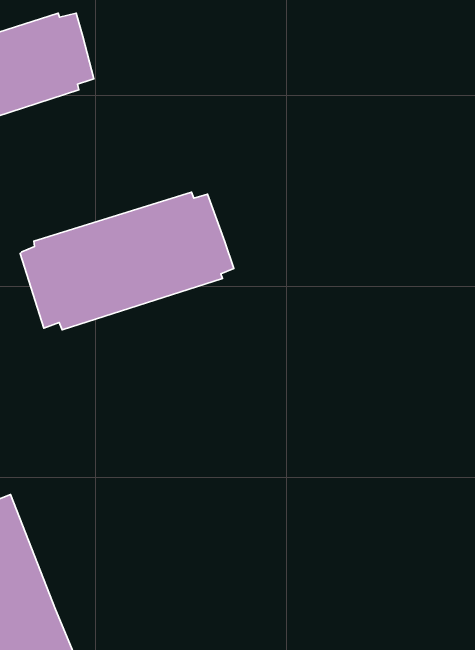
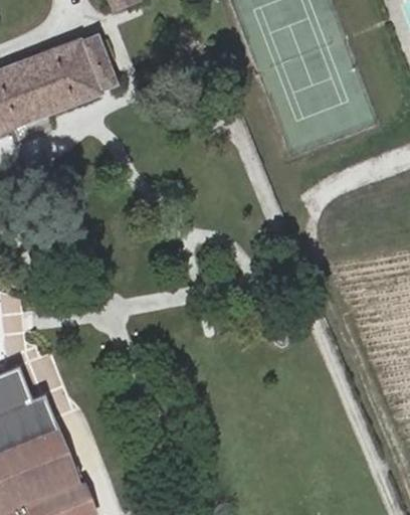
building: [20,192,234,330] -> none

